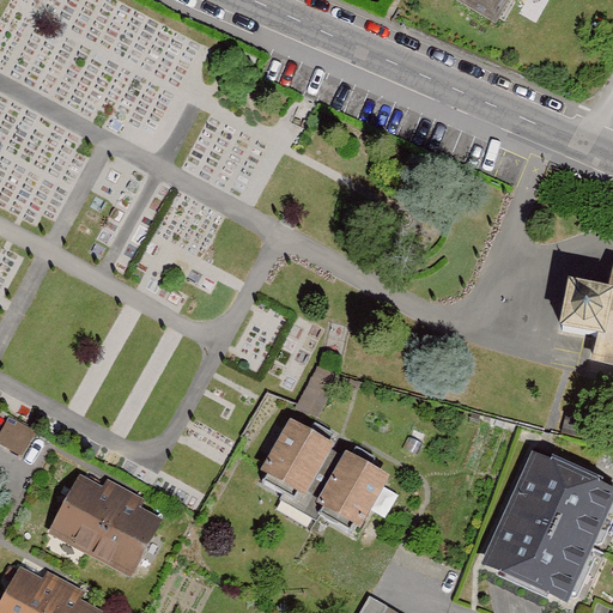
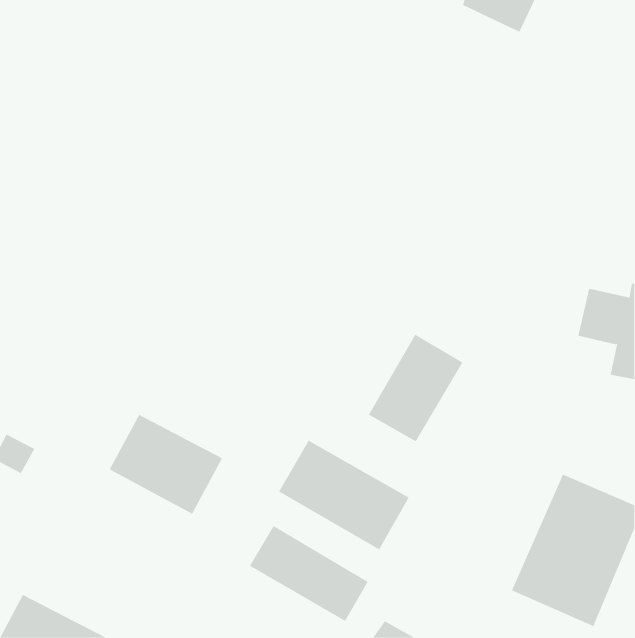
building: none -> [368,334,463,442]
building: [51,479,160,575] -> [109,414,223,515]
building: none -> [249,525,369,622]

